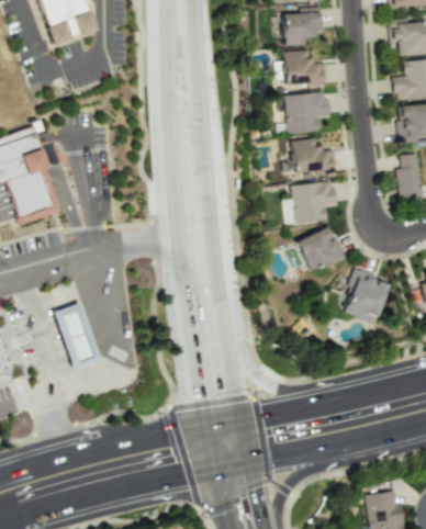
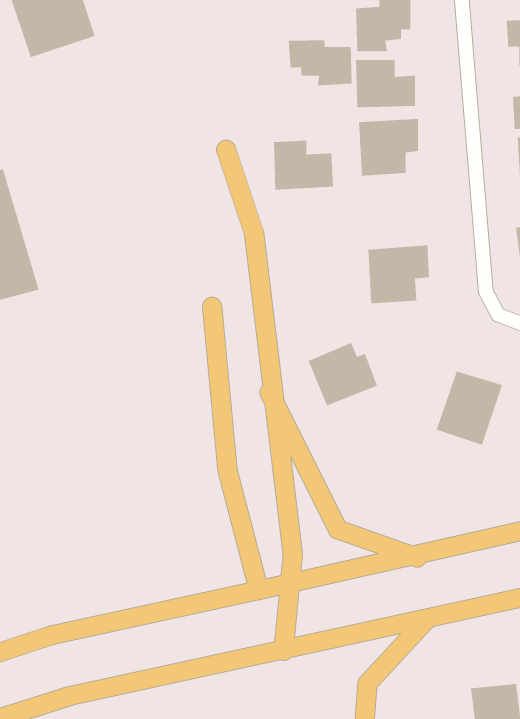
building: none -> [288,40,352,86]
building: [292,138,335,173] -> [273,140,334,190]
building: [296,227,346,272] -> [308,342,378,406]
building: [53,302,99,370] -> none

